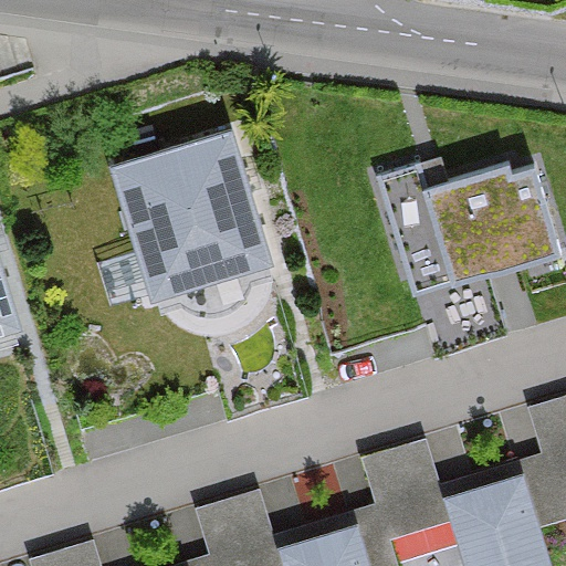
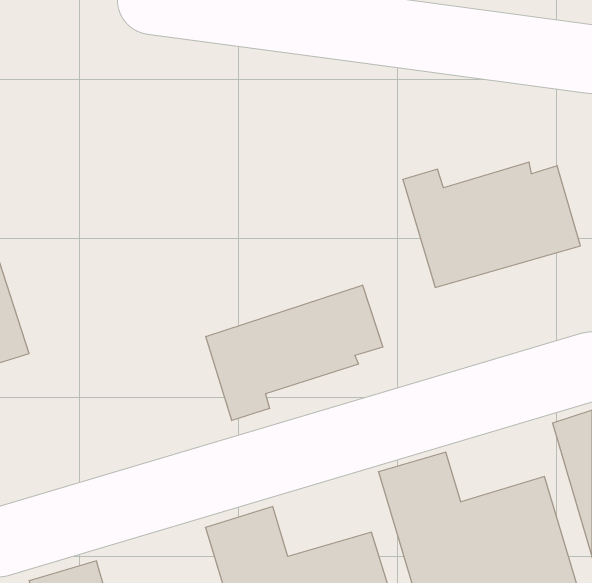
building: [115,139,276,303] -> none
building: none -> [206,285,383,421]

